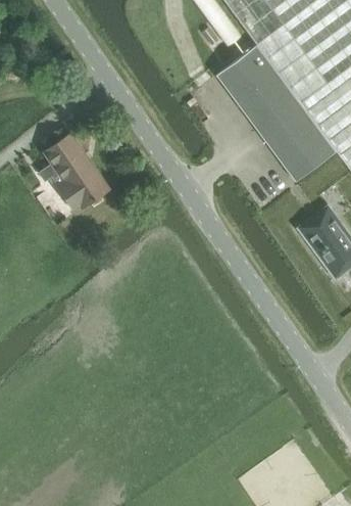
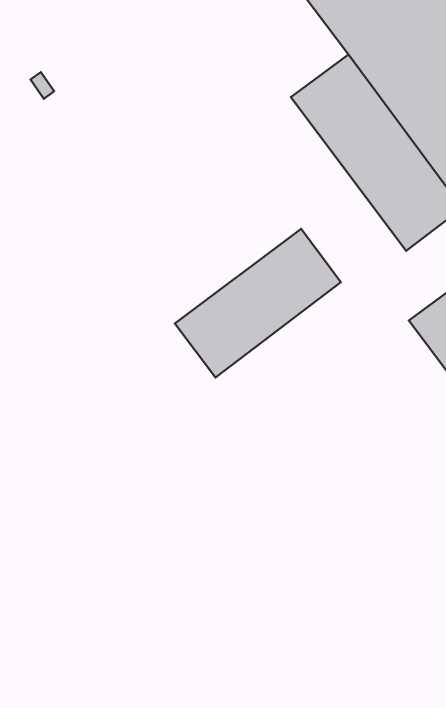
building: [40,134,110,211] -> none
building: none -> [175,229,341,378]

